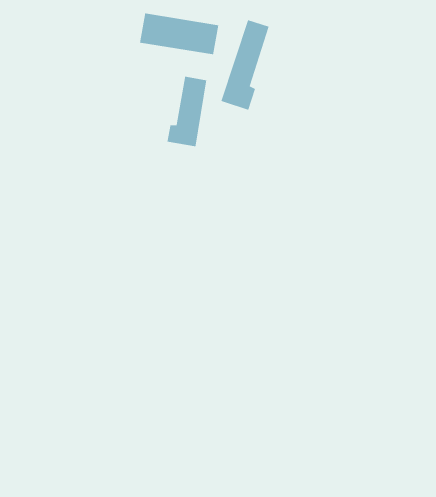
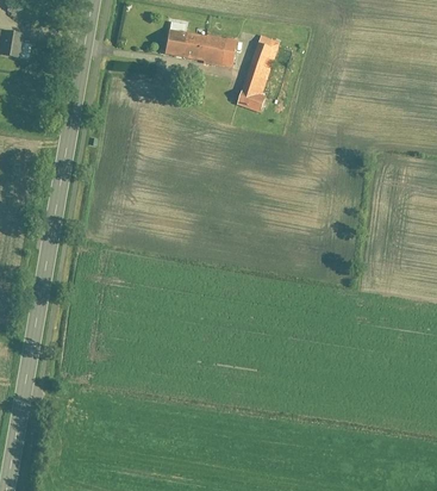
building: [167,76,207,147] -> none

